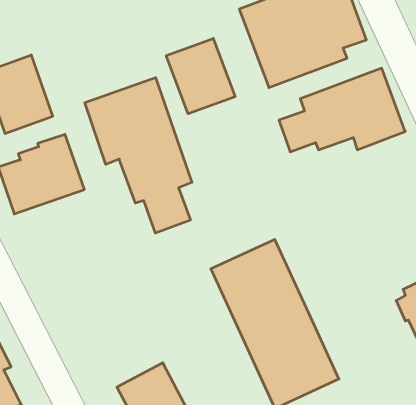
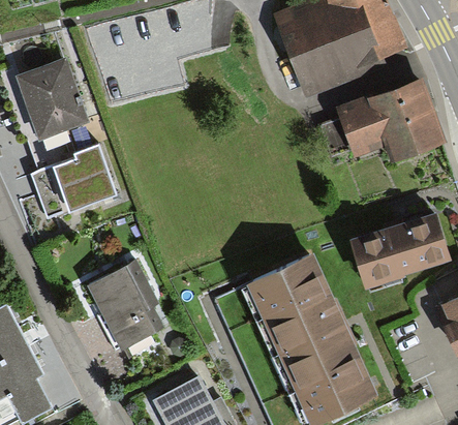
building: [166,38,235,114] -> none
building: [85,78,192,233] -> none
building: none -> [348,208,450,284]
building: none -> [90,263,161,348]

